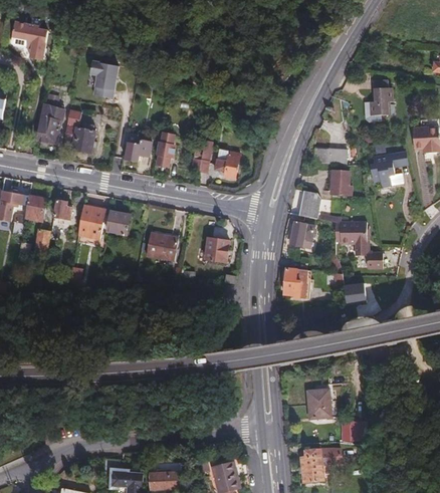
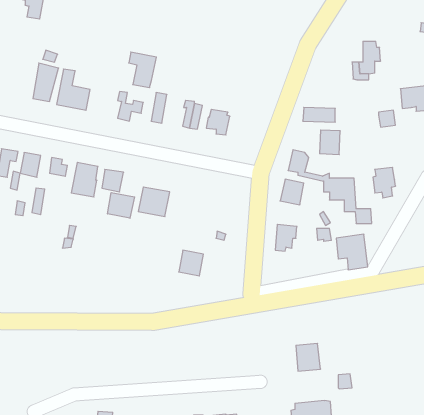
building: [93,61,122,97] -> [129,52,156,88]
building: [370,157,393,188] -> [373,167,396,198]
building: none -> [108,193,135,218]
building: [204,237,229,263] -> [179,250,203,276]

